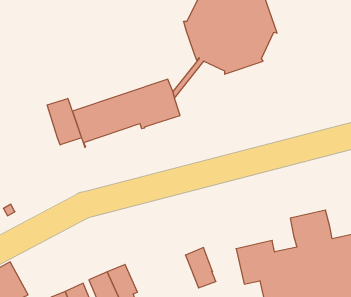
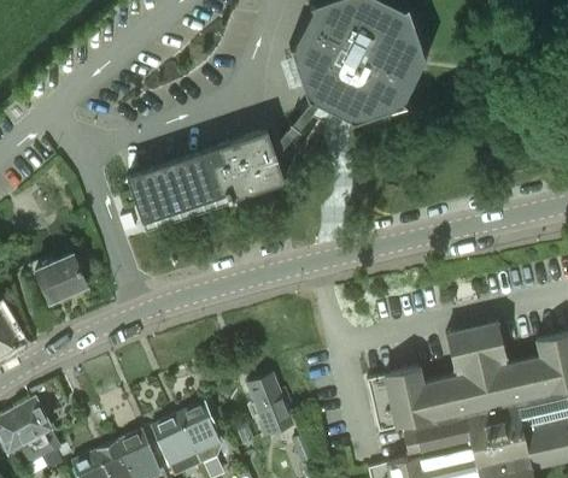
building: [47,98,82,145] -> none
building: none -> [36,254,89,303]
building: [185,248,216,288] -> [248,373,293,432]

